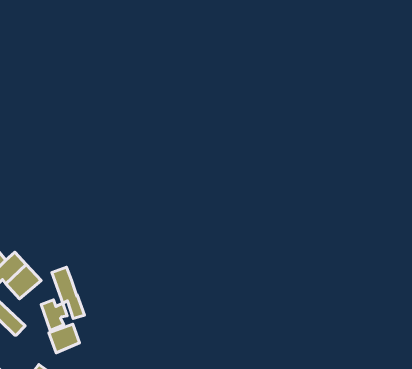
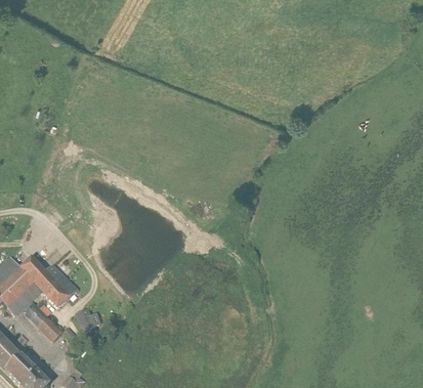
building: [52,267,84,318] -> none
building: [49,324,80,353] -> none

